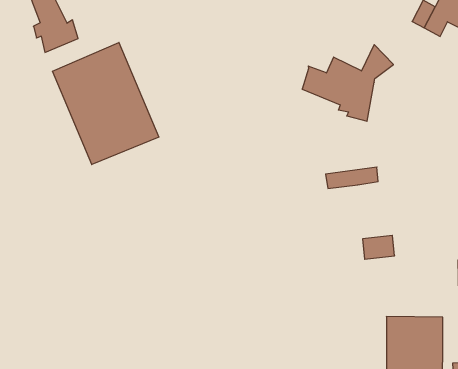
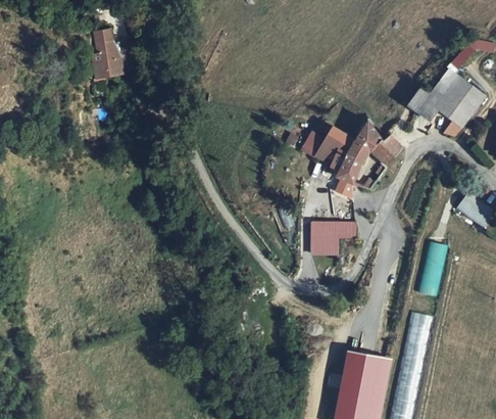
building: [52,42,159,165] -> none
building: none -> [366,135,405,169]
building: [363,235,395,259] -> [312,234,339,252]

